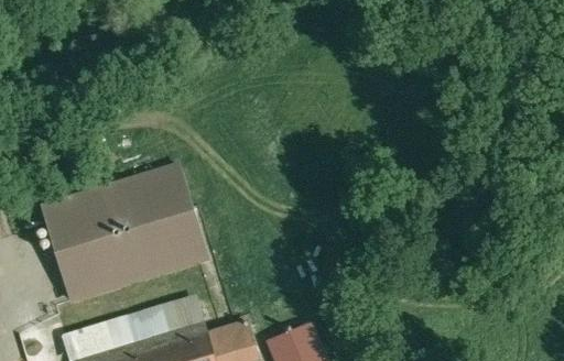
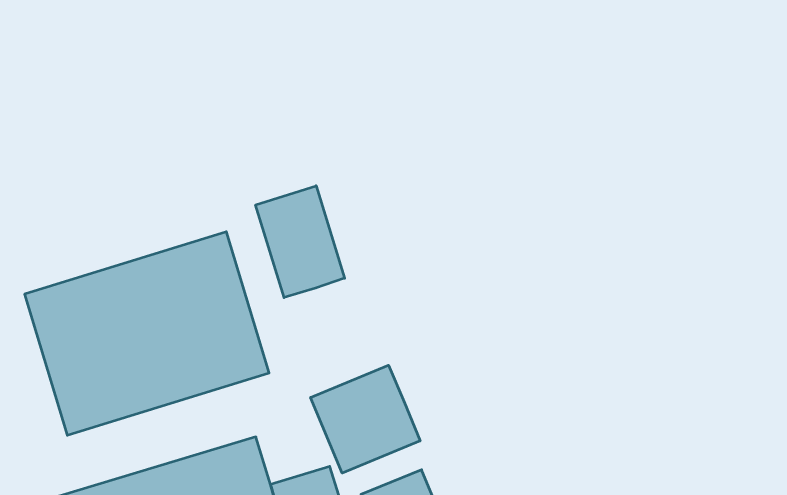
building: none -> [256,186,345,298]
building: none -> [311,365,420,473]

